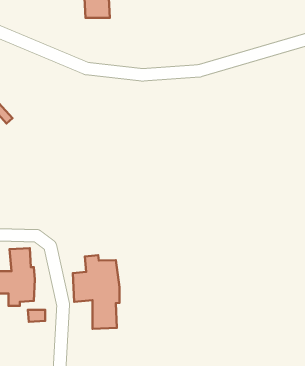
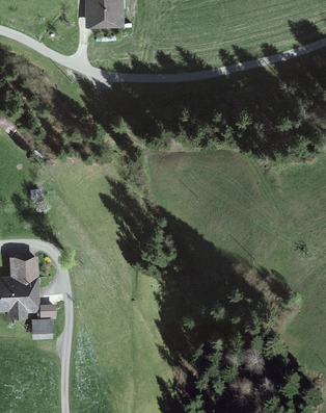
building: [73,255,120,329] -> none

